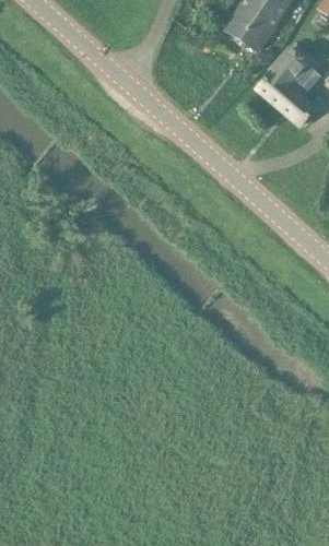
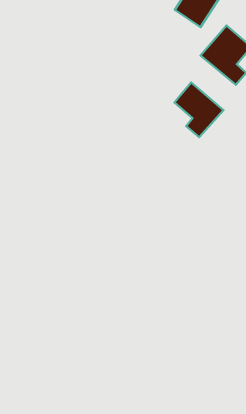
building: none -> [174,83,223,137]

